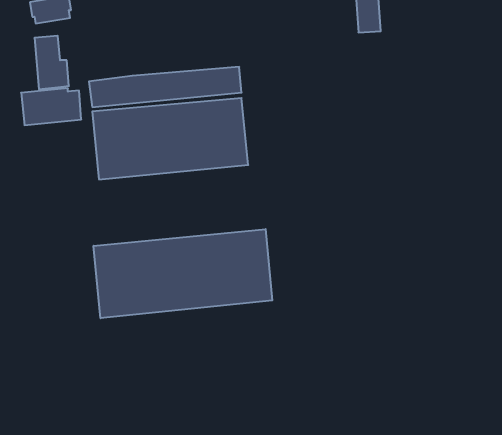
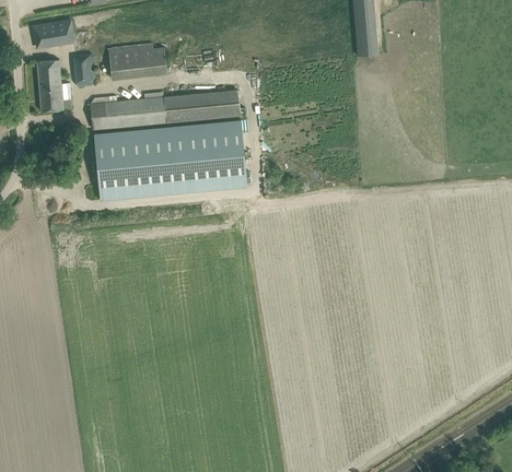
building: none -> [72,55,95,85]
building: [21,88,81,125] -> [107,43,166,79]
building: [94,229,272,318] -> none

